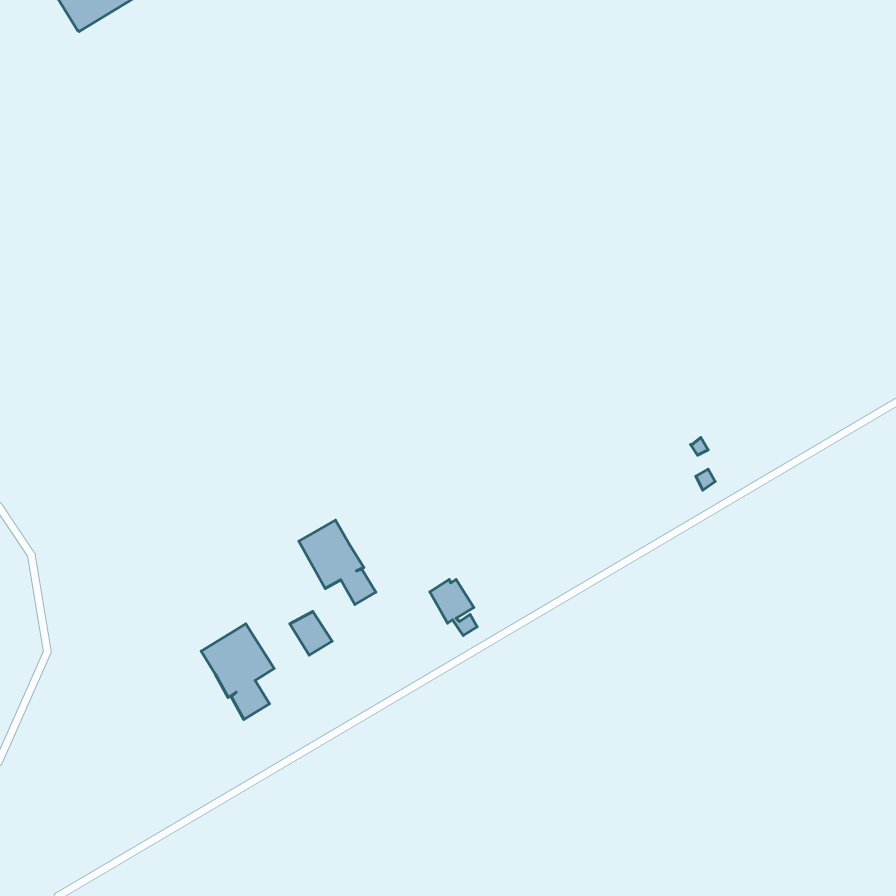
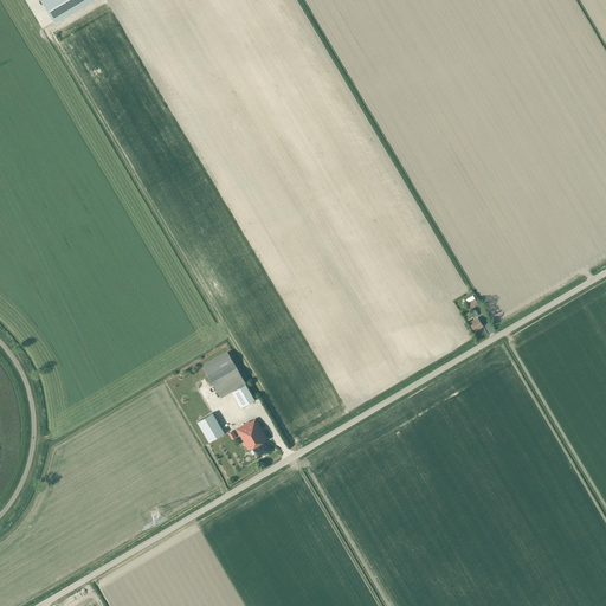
building: [430,579,477,636] -> [236,419,267,457]
building: [201,624,274,719] -> none

